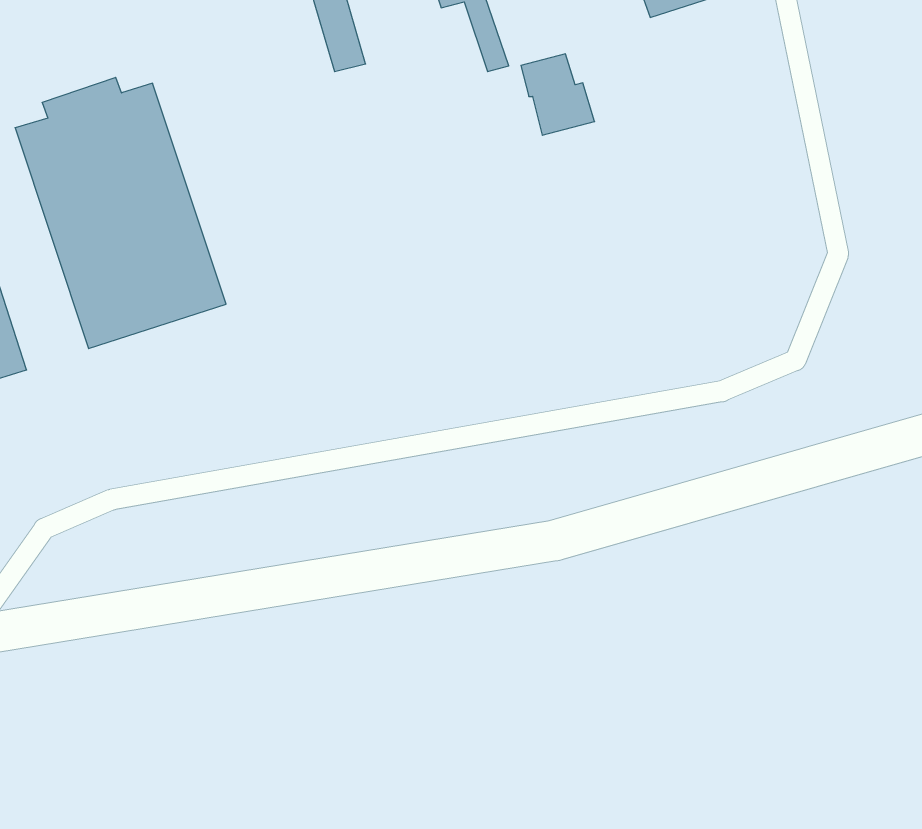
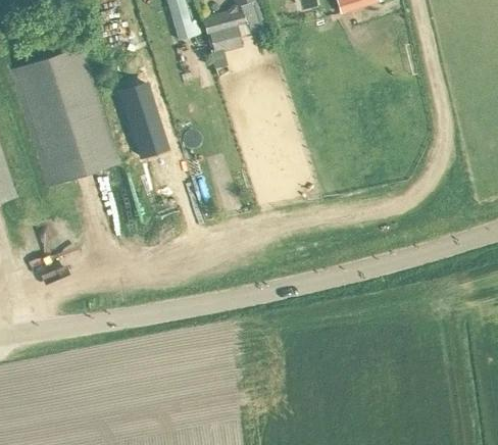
building: [521,54,595,135] -> [202,10,241,53]
building: none -> [118,85,166,155]

